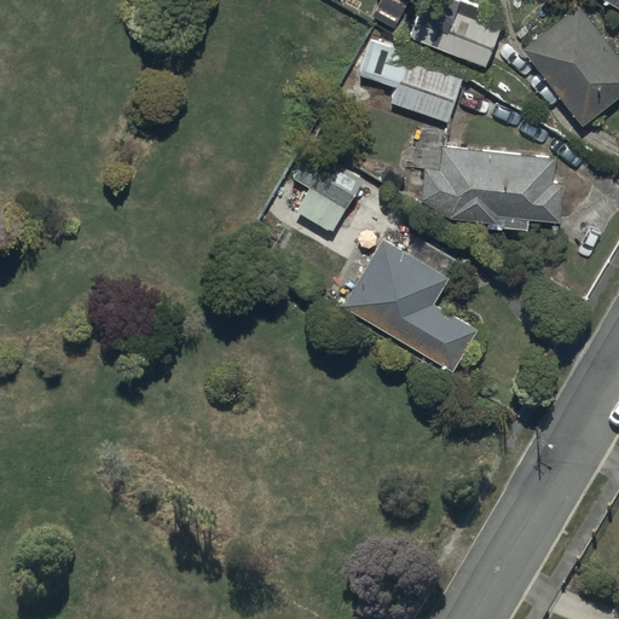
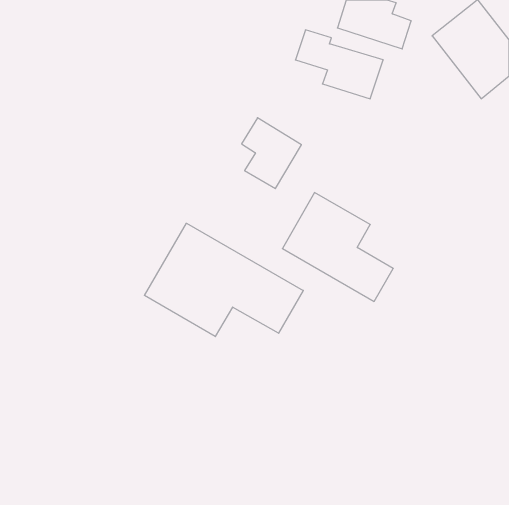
building: [420,150,562,232] -> none
building: none -> [144,223,303,337]

